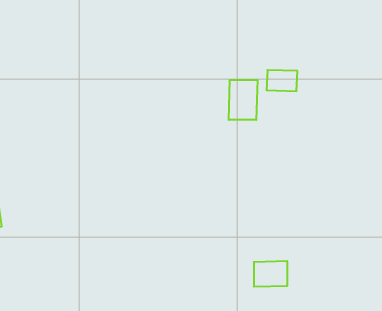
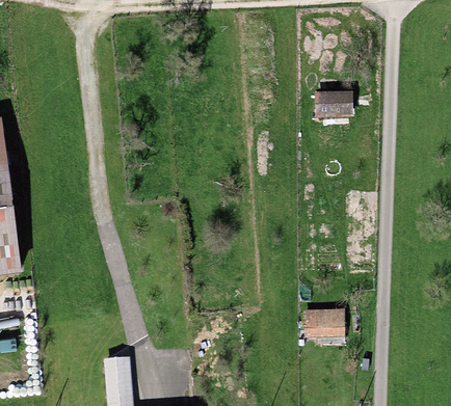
building: [229,80,257,120] -> none

